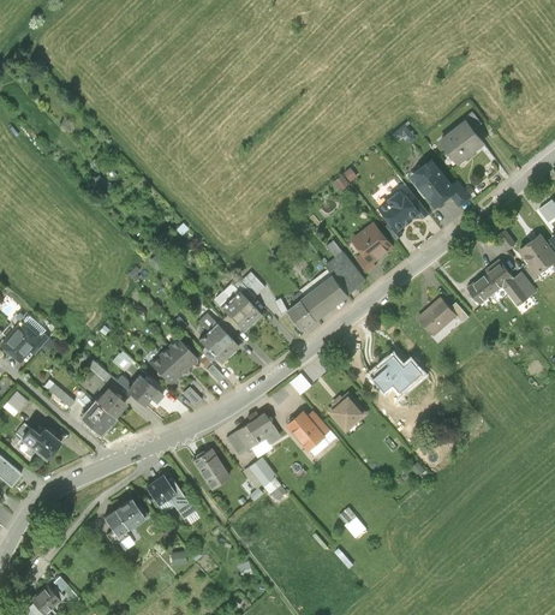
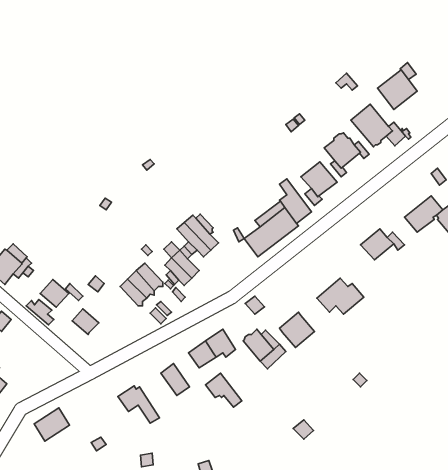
building: [127,377,163,405] -> none
building: [80,402,113,434] -> [40,279,69,307]
building: [22,426,60,460] -> none
building: [105,497,144,535] -> [34,408,69,441]

